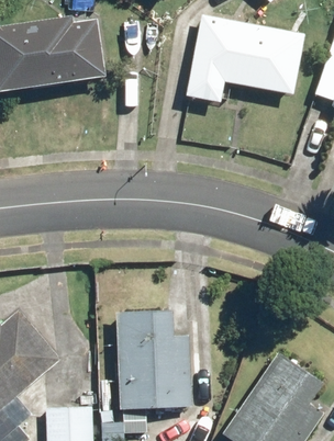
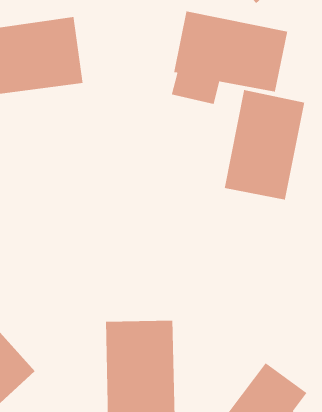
building: none -> [224,89,305,200]

